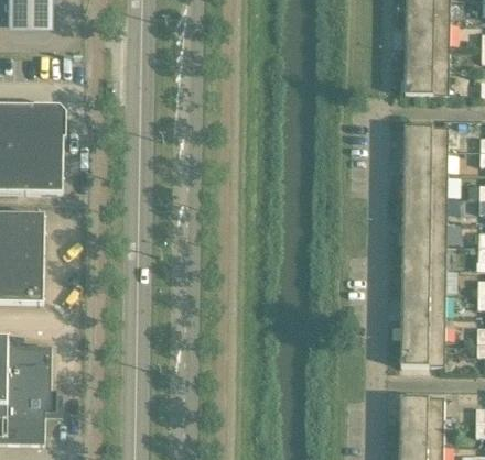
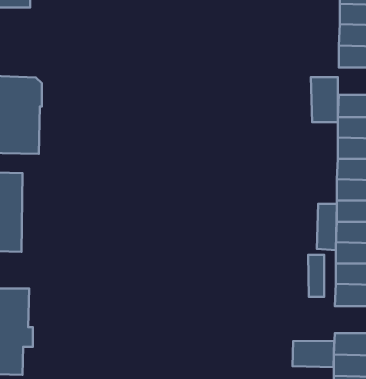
building: none -> [311,77,338,122]
building: none -> [317,204,337,250]
building: none -> [308,255,324,297]
building: none -> [293,341,334,367]

